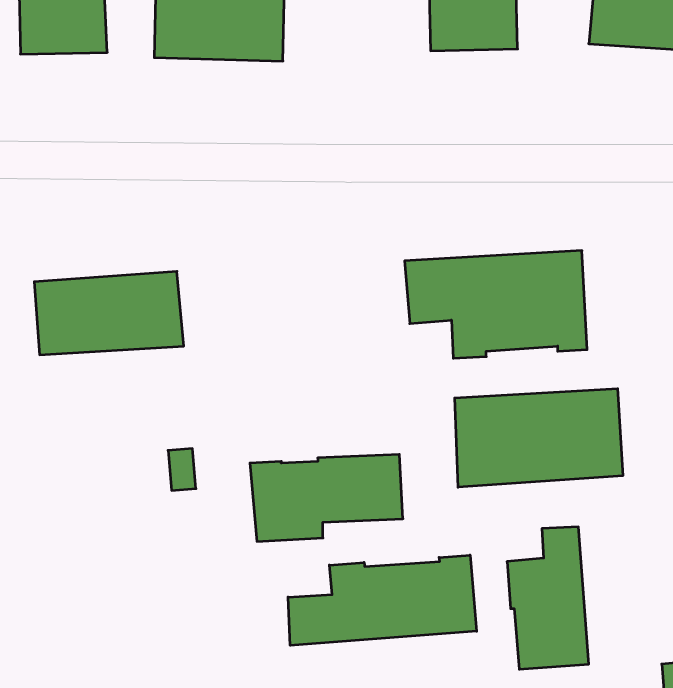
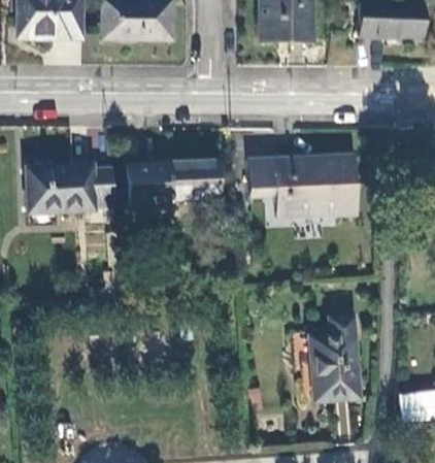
building: [455,389,623,487] -> none
building: [250,454,403,541] -> [128,163,219,214]
building: [288,555,477,645] -> none

